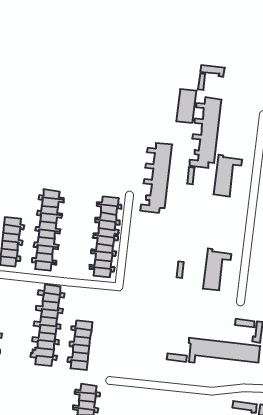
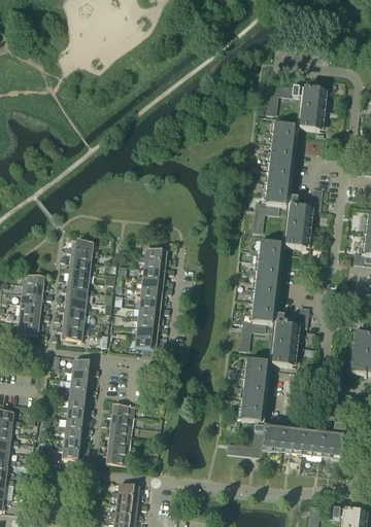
building: [176,89,197,123] -> [299,86,325,129]
building: [140,143,172,213] -> [241,241,281,328]
building: none -> [232,358,268,421]

